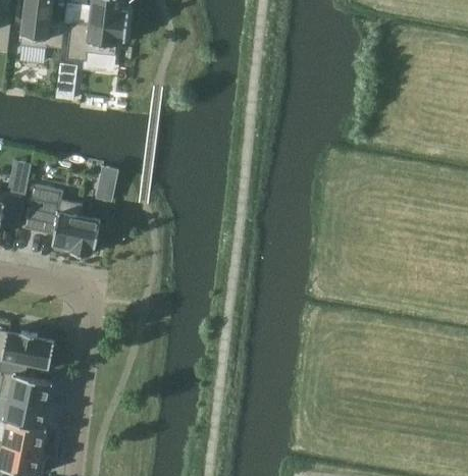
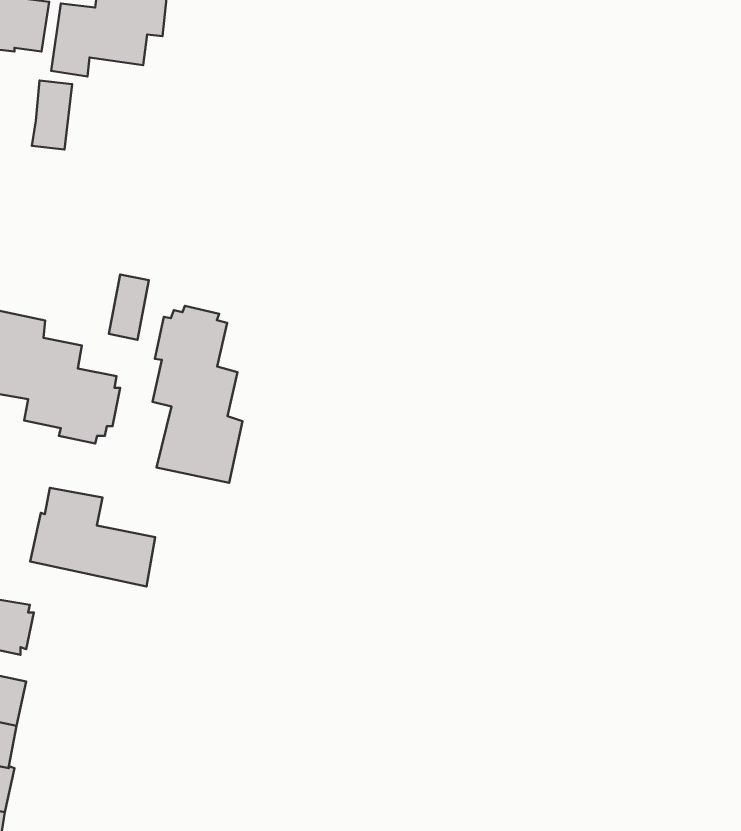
building: none -> [153,306,242,483]
building: none -> [30,488,155,586]

